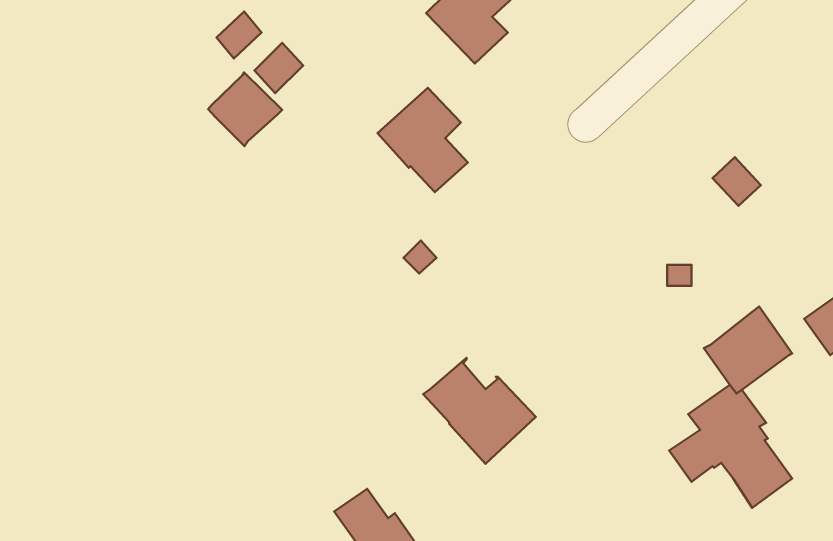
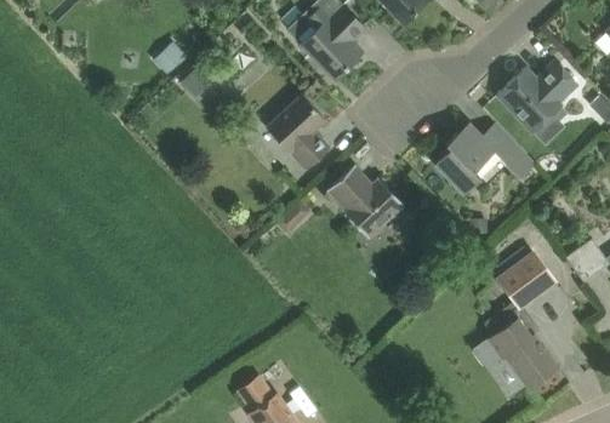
building: none -> [496,61,578,132]
building: [208,73,282,146] -> none
building: none -> [434,121,495,194]
building: [423,358,536,464] -> [325,164,404,238]

